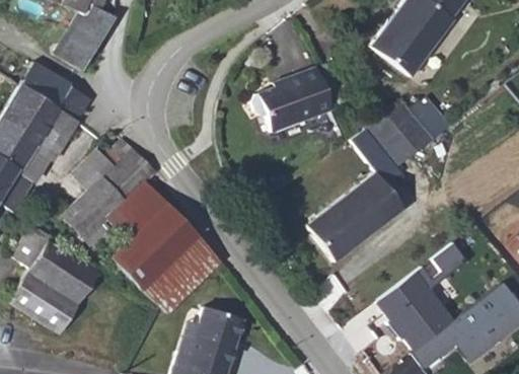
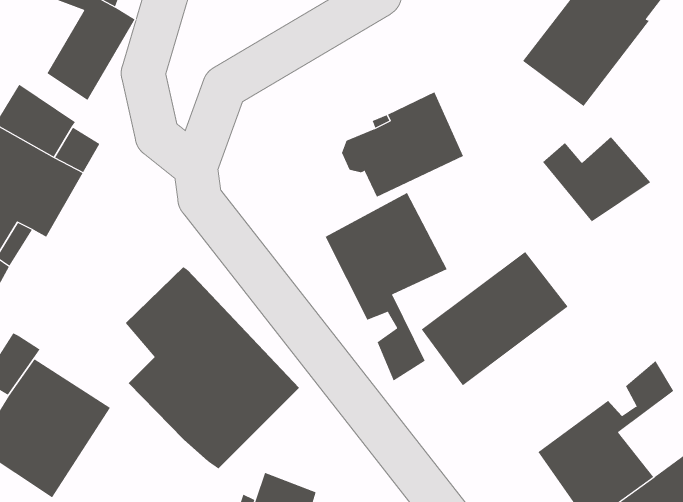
building: [362,111,415,165] -> none
building: none -> [325,192,447,381]
building: [61,140,158,252] -> none

